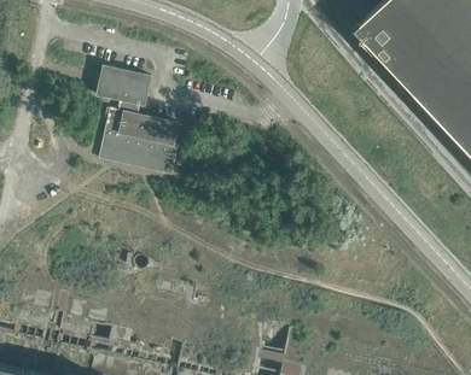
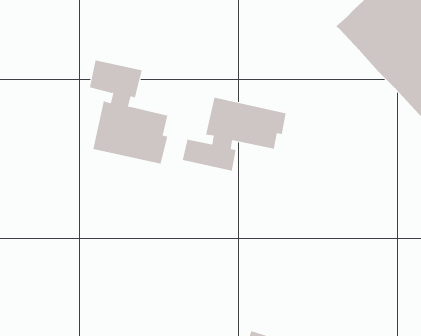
building: none -> [182,97,286,172]

